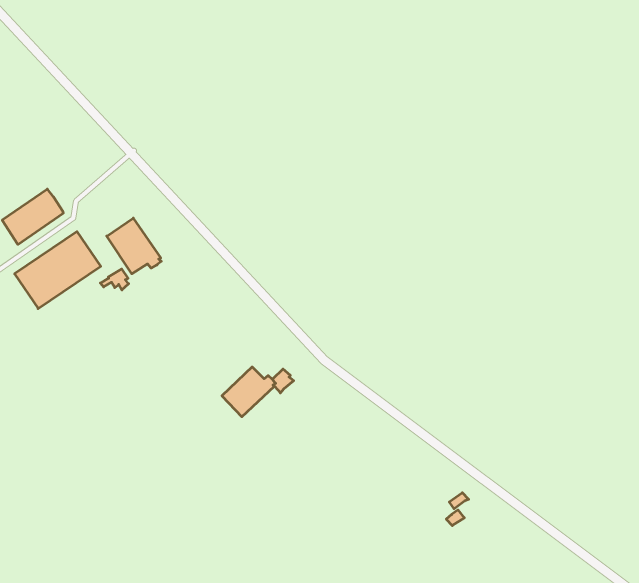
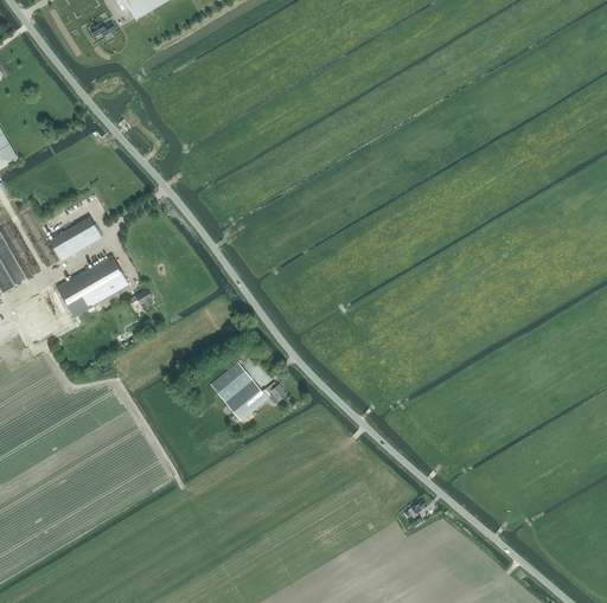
building: [107,218,161,274] -> none
building: none -> [209,360,251,402]

